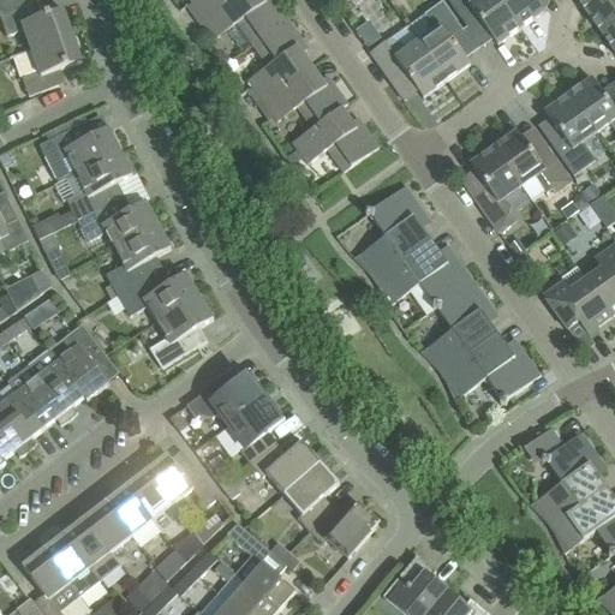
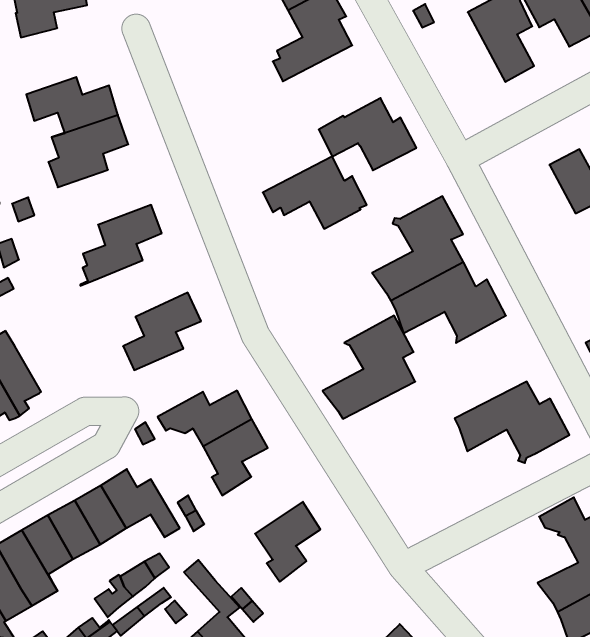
building: [370,24,447,96] -> none
building: [257,65,347,127] -> [263,157,367,229]
building: [471,145,521,231] -> none
building: [77,198,159,246] -> none
building: [107,271,199,321] -> none
building: [420,279,498,372] -> [323,316,415,419]
building: [58,322,109,399] -> none
building: [251,440,321,492] -> none
building: [310,501,381,557] -> none

